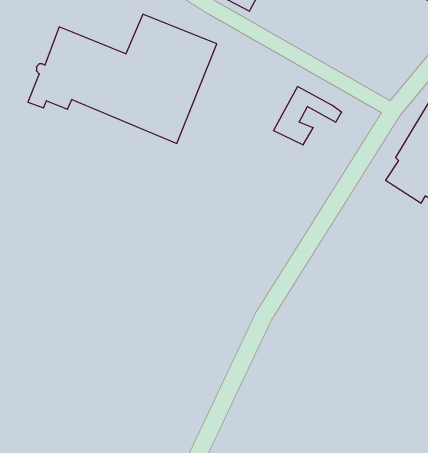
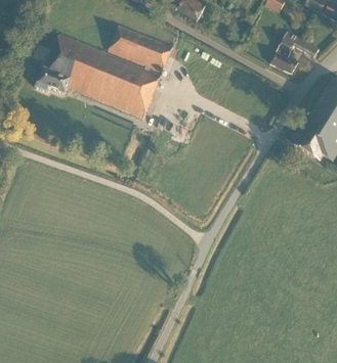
building: [273,87,342,145] -> [269,31,319,73]

